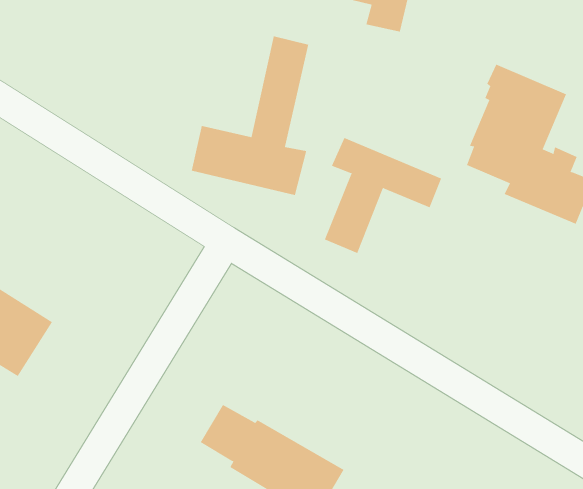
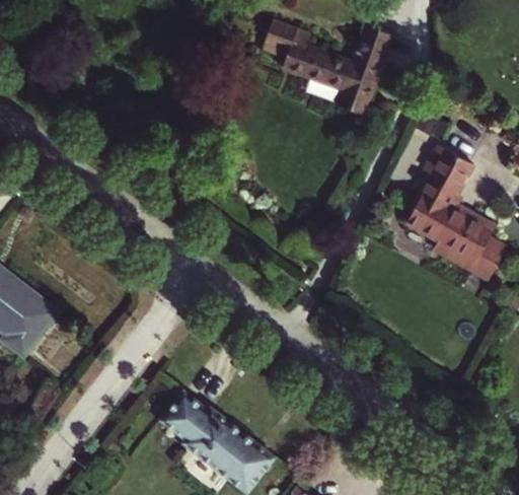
building: [191,36,309,196] -> none
building: [324,137,442,254] -> none

